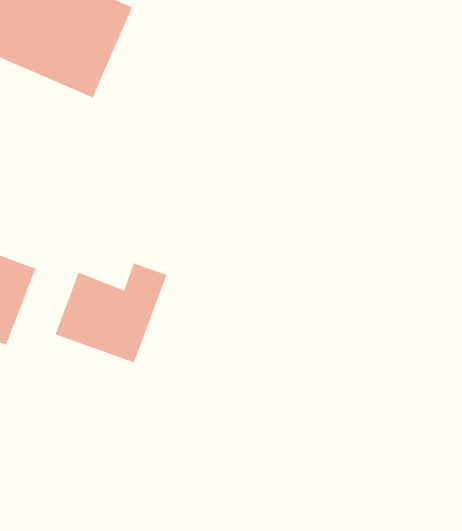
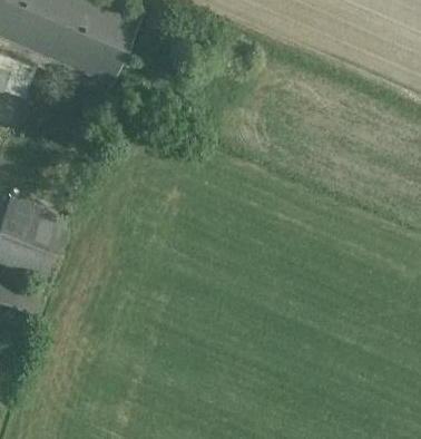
building: [55,263,167,363] -> none

